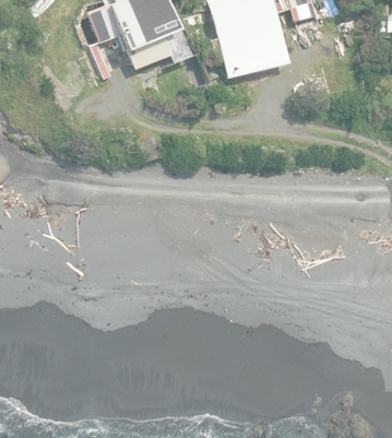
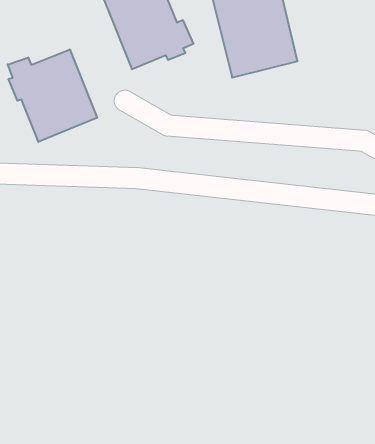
building: none -> [8,49,97,142]

